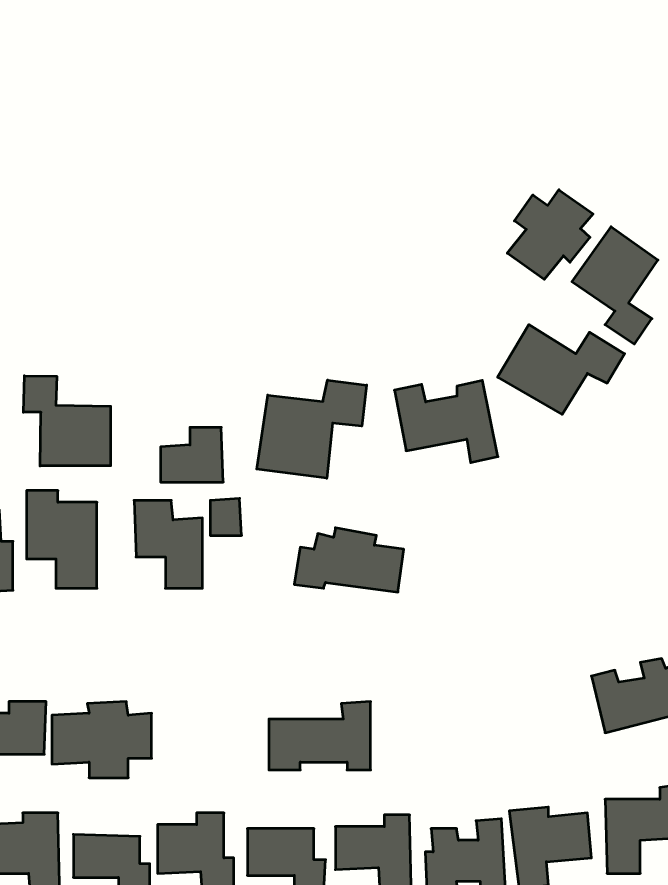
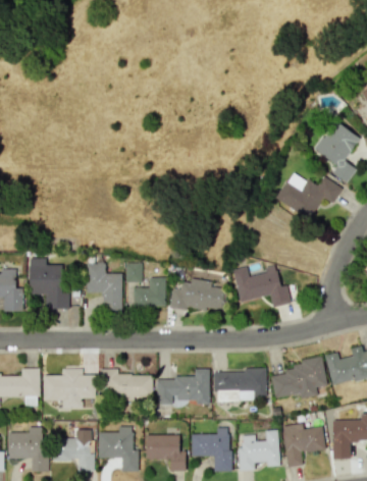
building: [507,190,593,279] -> none
building: [23,376,111,466] -> none
building: [257,380,367,478] -> none
building: [394,380,498,463] -> [232,265,286,308]
building: [161,427,223,482] -> [133,278,165,307]
building: none -> [270,362,326,398]
building: none -> [212,370,266,400]
building: none -> [100,371,152,398]

